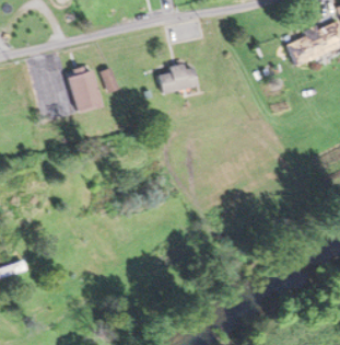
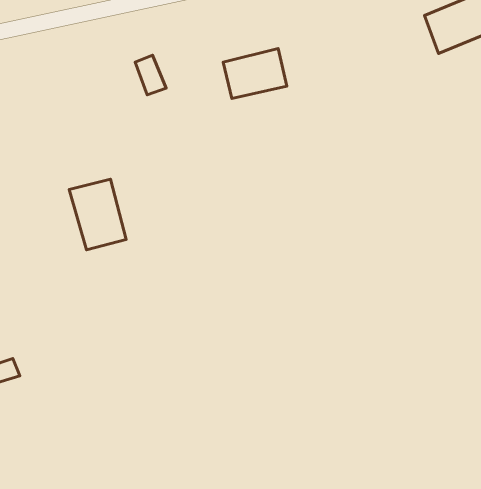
building: [66,69,102,114] -> [69,179,126,250]

